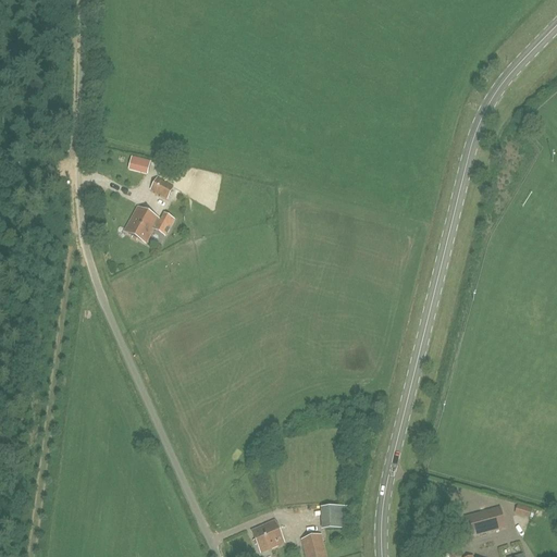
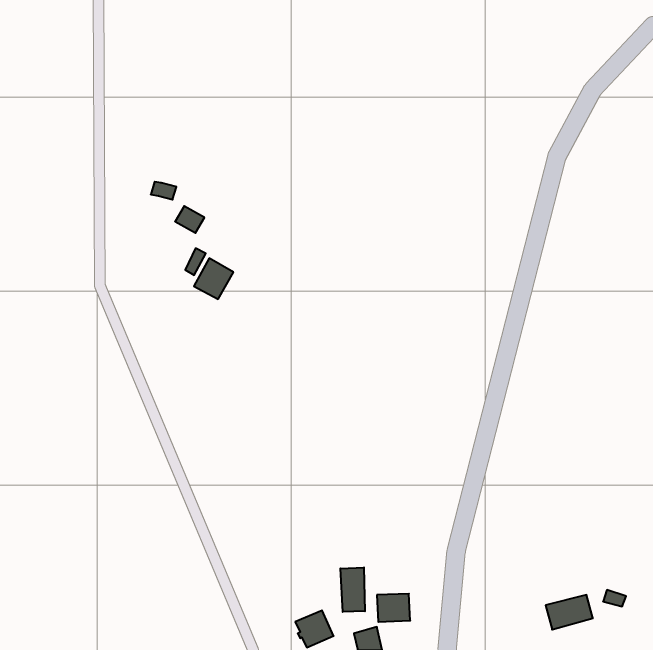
building: [124,207,158,242] -> [194,258,233,299]
building: none -> [340,567,365,612]

